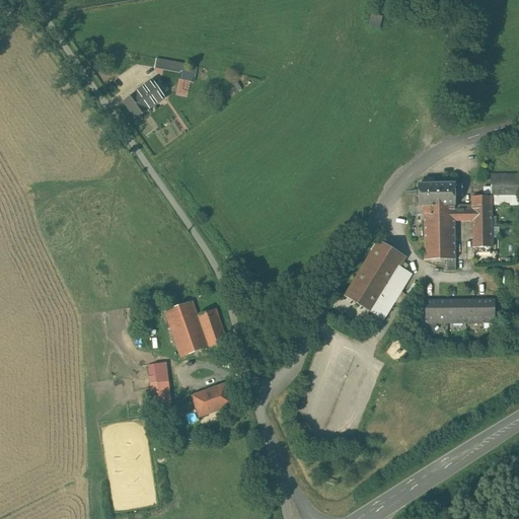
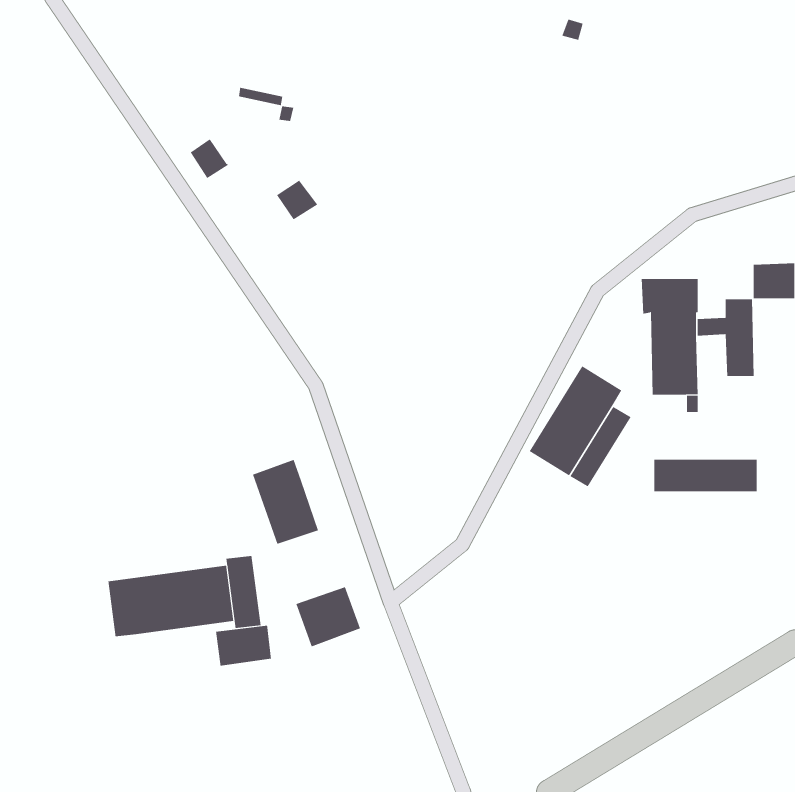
building: [137,80,164,106] -> [276,180,318,220]
building: [197,307,227,346] -> none
building: none -> [108,565,234,637]
building: none -> [215,625,272,666]

